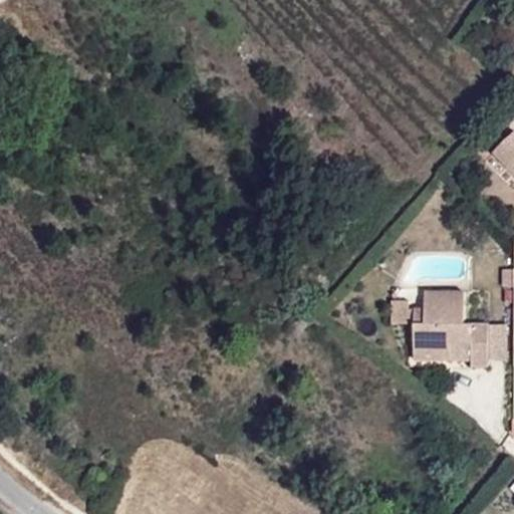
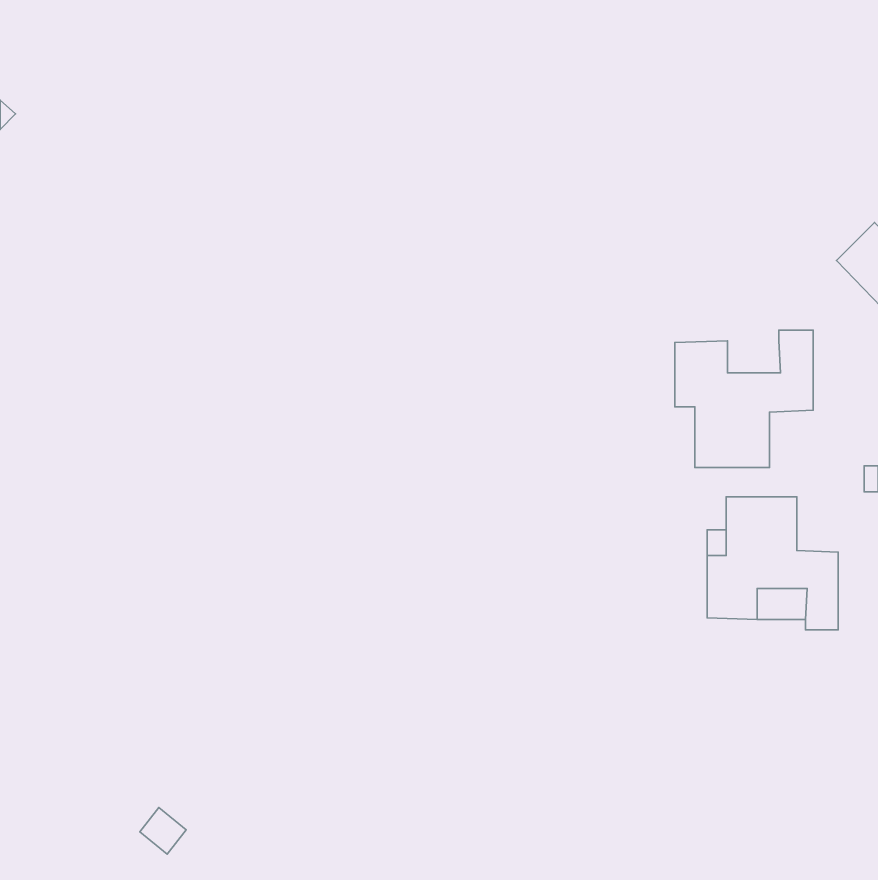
building: none -> [675,330,813,467]

